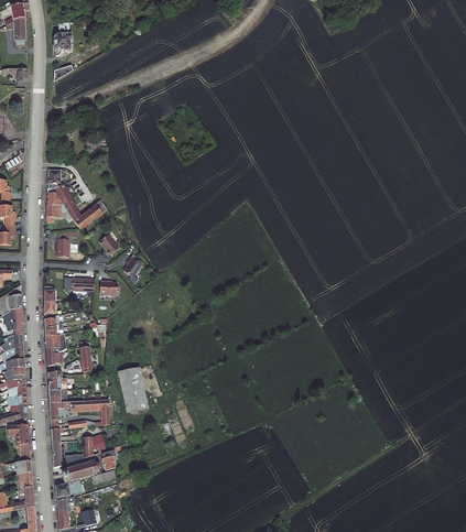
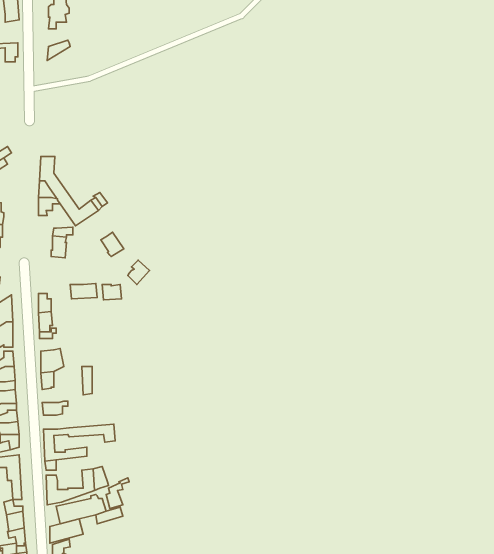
building: [118,363,149,412] -> none

